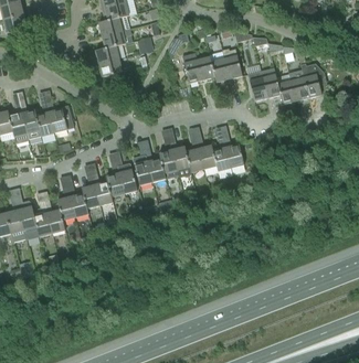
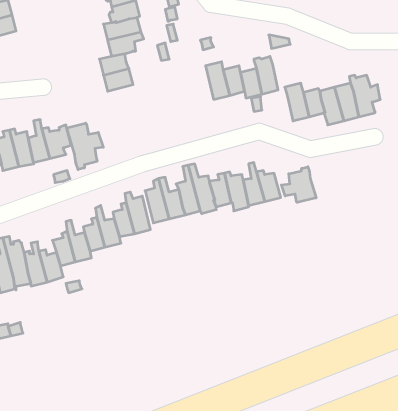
building: none -> [67,123,103,170]
building: none -> [281,167,316,202]

